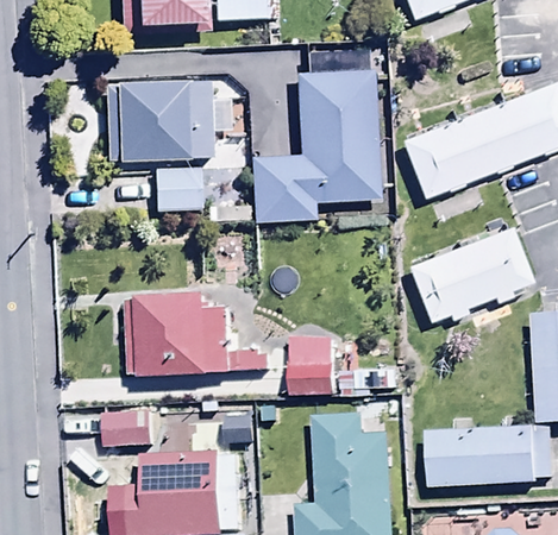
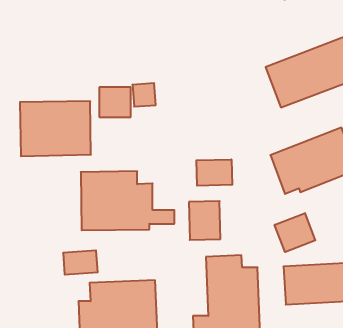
building: [251,69,377,222] -> none
building: [106,80,211,160] -> [20,101,91,156]
building: none -> [196,159,232,186]
building: none -> [275,213,315,252]

